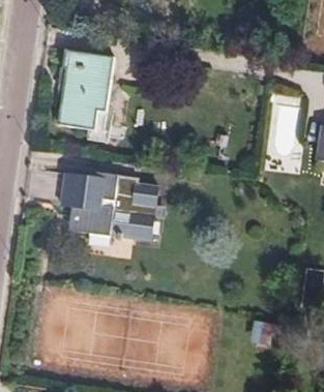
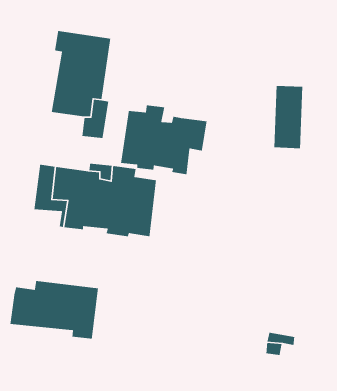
building: none -> [120,104,207,175]
building: none -> [10,280,99,339]

